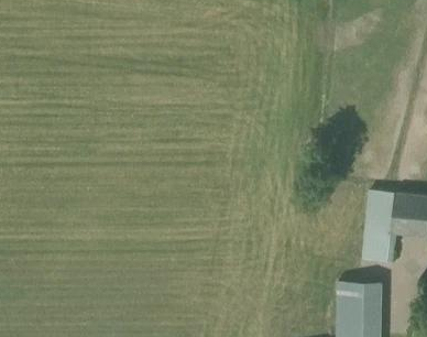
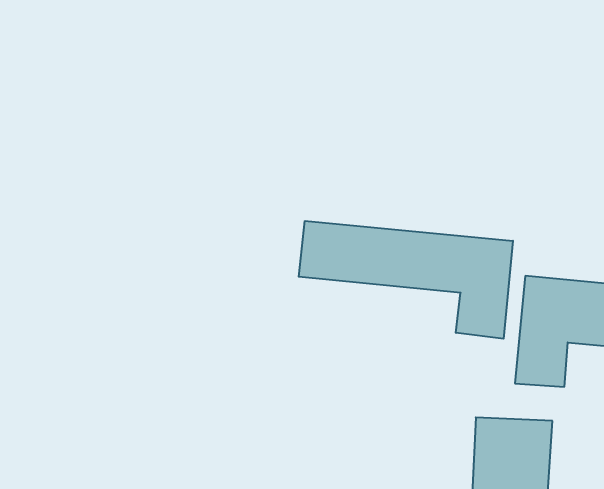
building: none -> [299,221,513,339]

